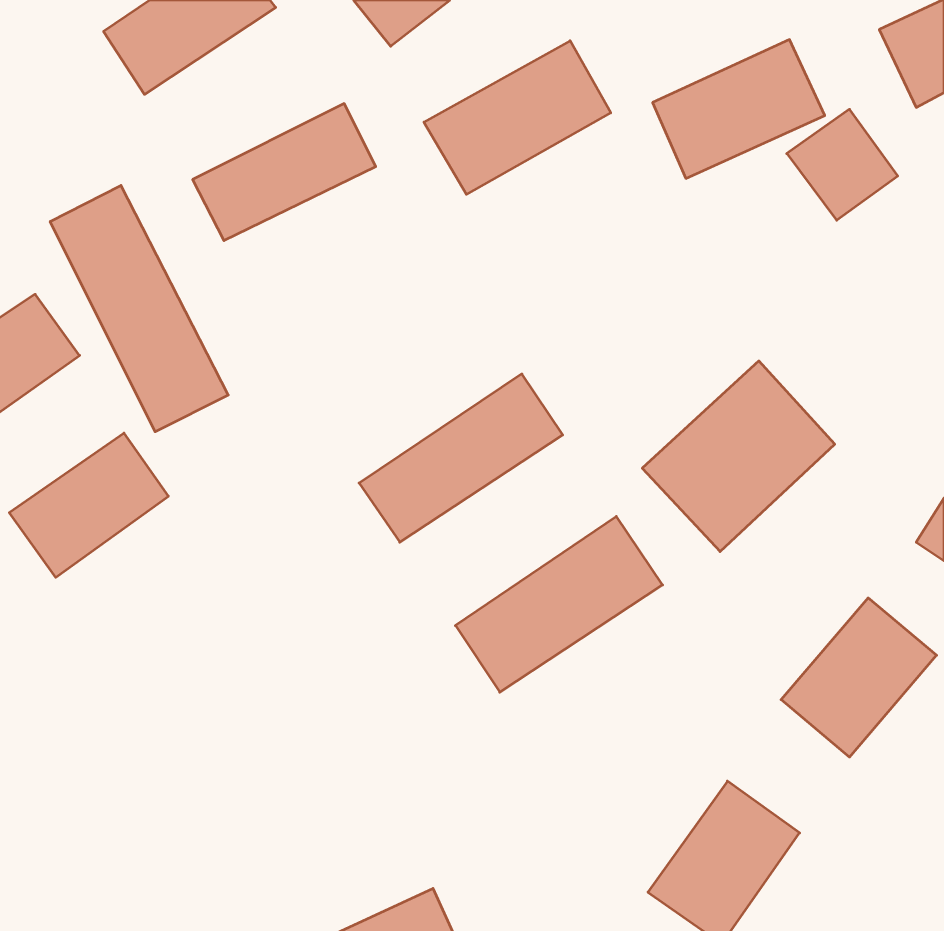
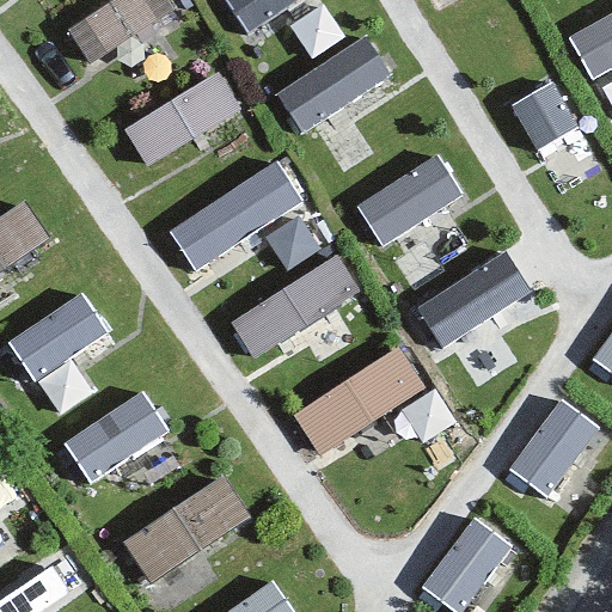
building: [653,40,825,178] -> [355,154,466,244]
building: [50,185,228,432] -> none
building: none -> [167,160,306,271]
building: none -> [62,387,171,485]
building: none -> [121,477,251,581]

